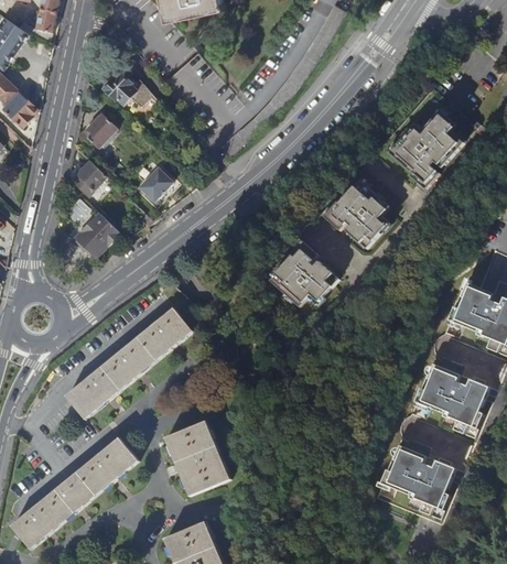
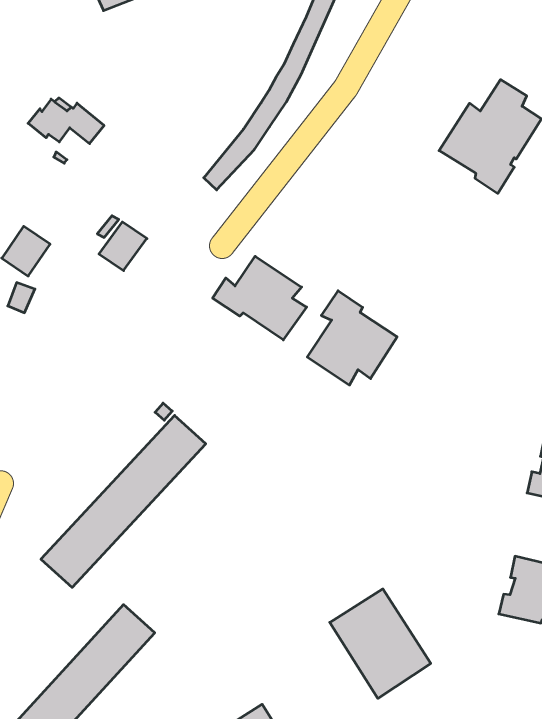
building: [83,113,117,148] -> none
building: [323,181,389,248] -> none
building: none -> [213,256,307,340]
building: [75,214,119,258] -> none
building: [164,421,230,497] -> [330,589,431,698]

